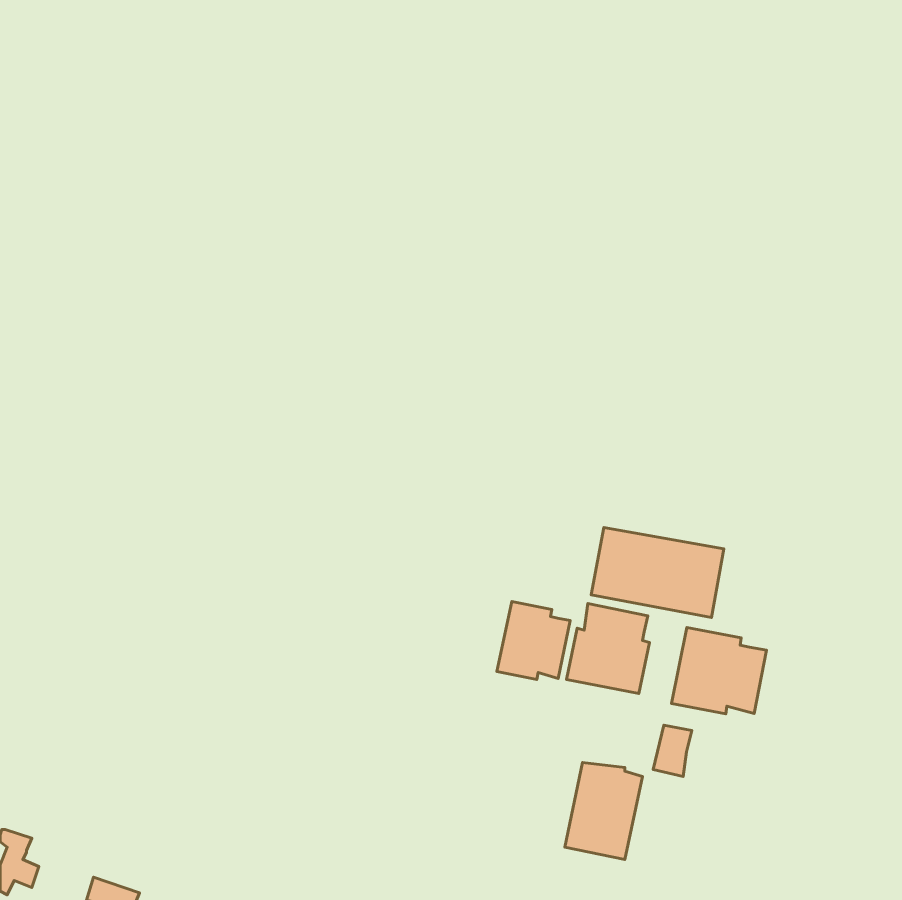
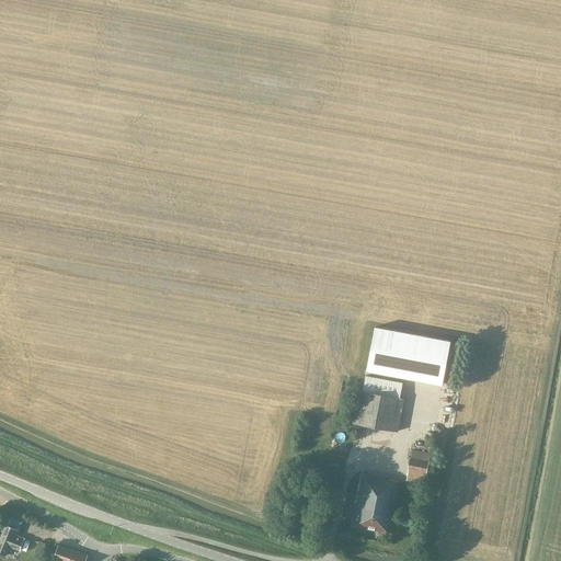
building: [497,601,570,680] -> none
building: [672,627,766,714] -> none

